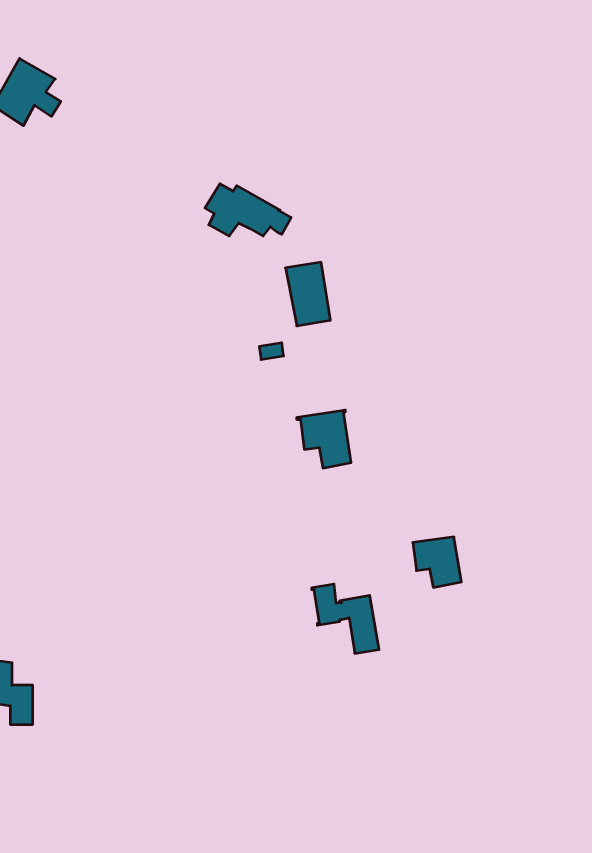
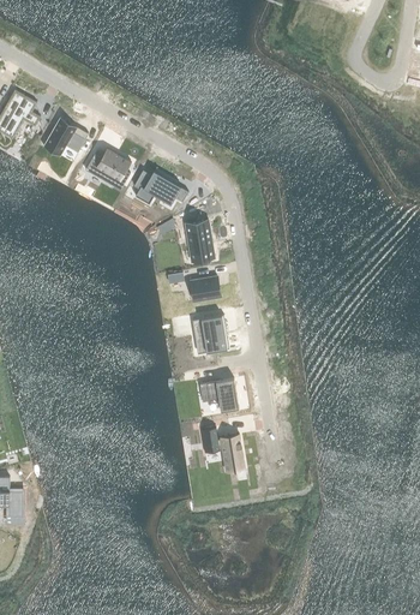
building: none -> [42,117,88,151]
building: none -> [84,148,130,183]
building: none -> [190,276,220,300]
building: [413,537,461,587] -> [206,378,238,411]

